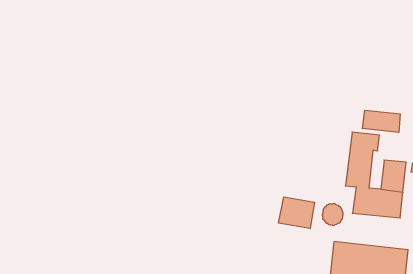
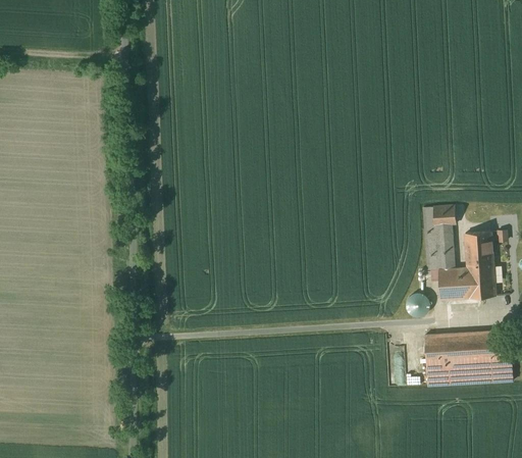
building: [362,110,400,132] -> none
building: [279,197,314,229] -> none

